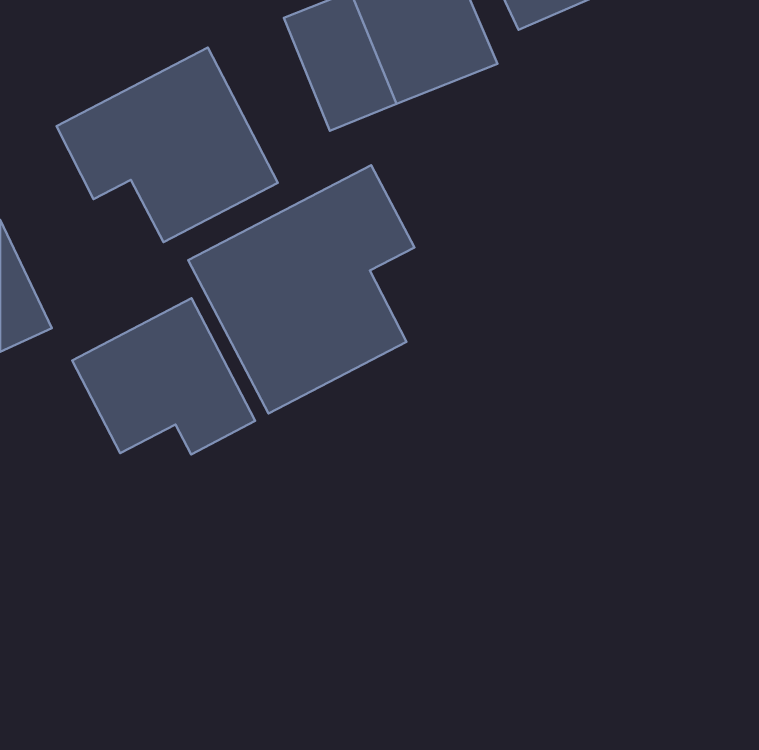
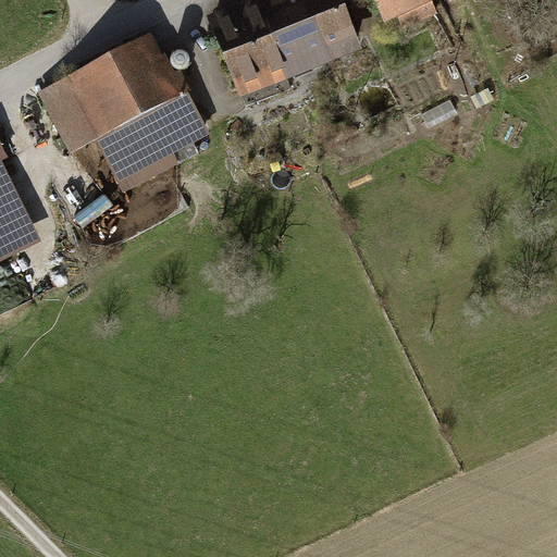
building: [188,165,415,413] -> none
building: [72,298,255,455] -> none

